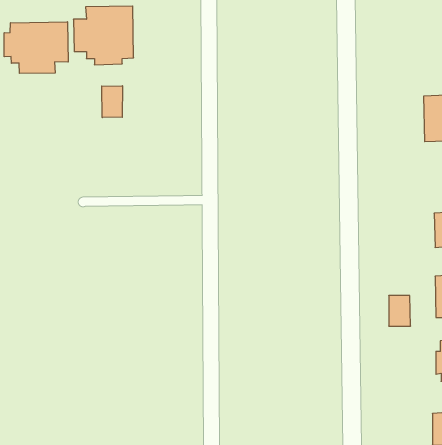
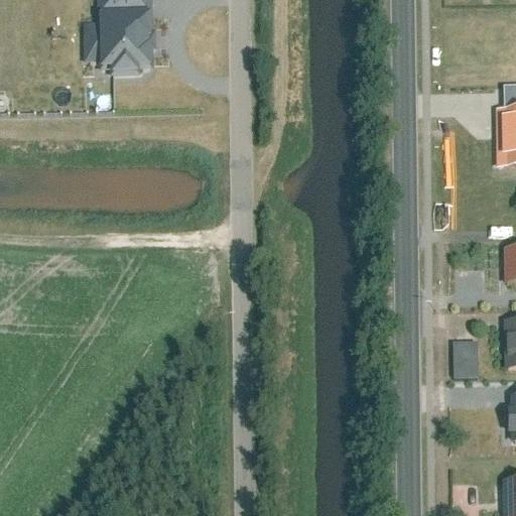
building: [4,22,68,73] -> none
building: [102,86,122,118] -> none

